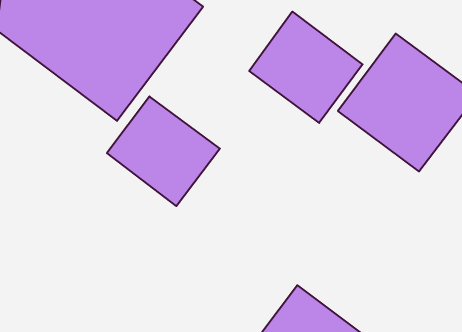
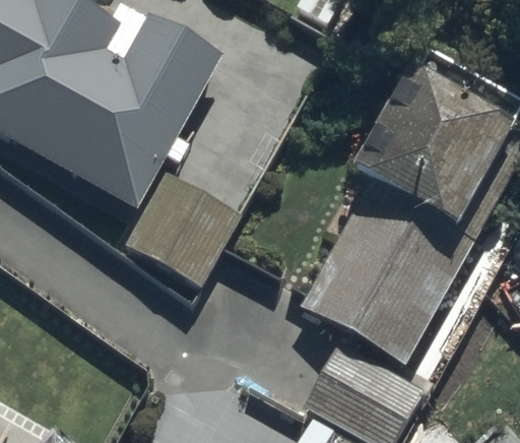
building: [249,12,363,123] -> none
building: none -> [309,217,450,358]

